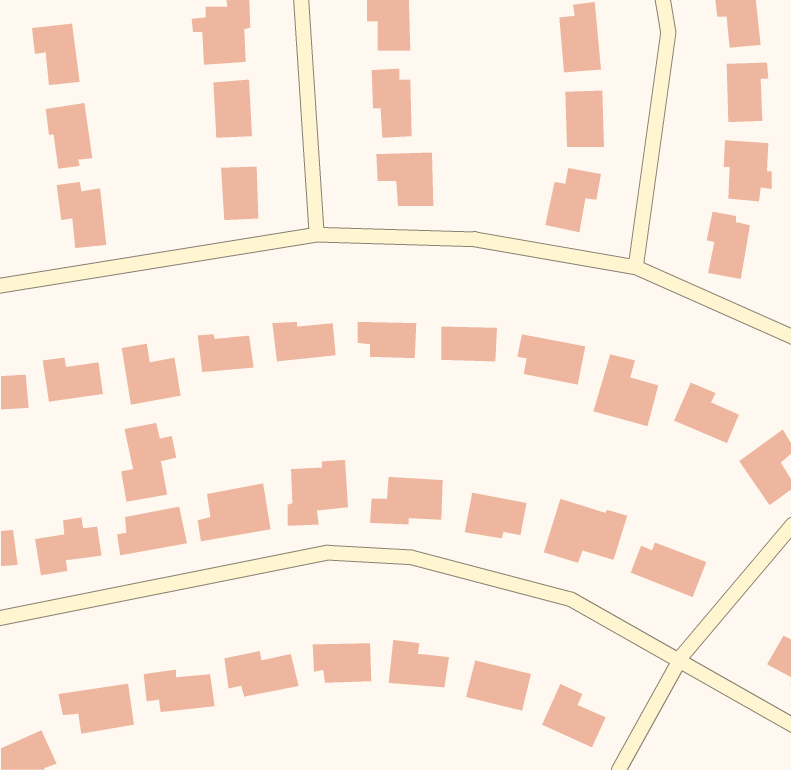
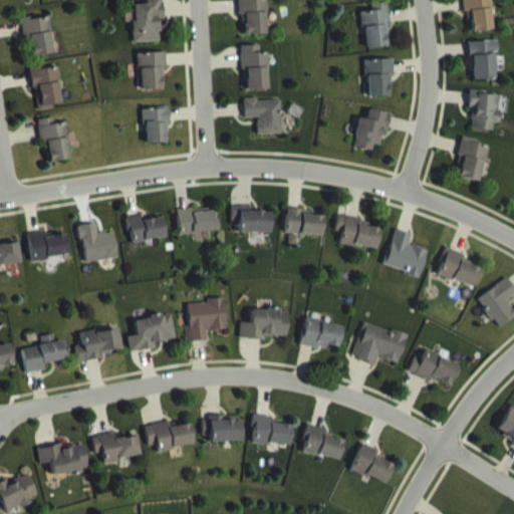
building: [121,422,177,503] -> none

